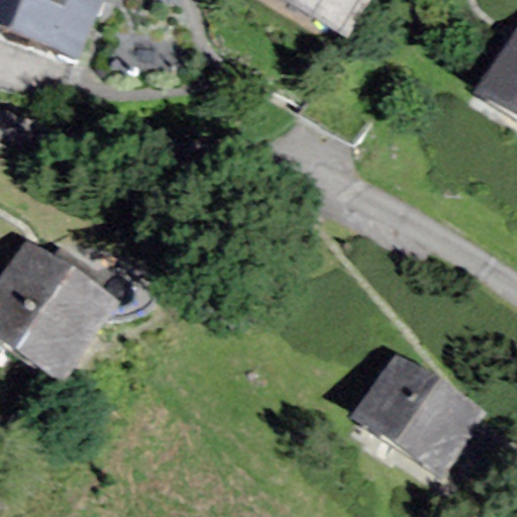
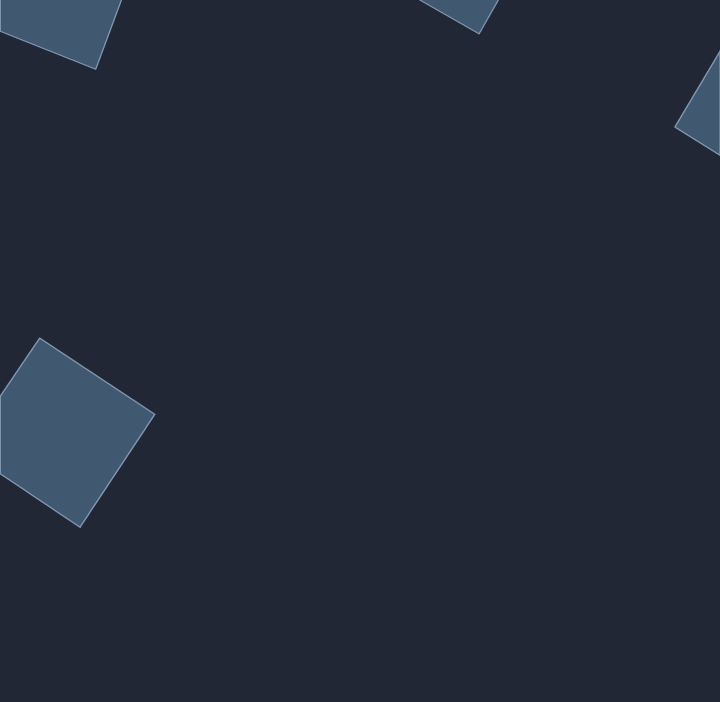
building: [357,354,480,470] -> none

